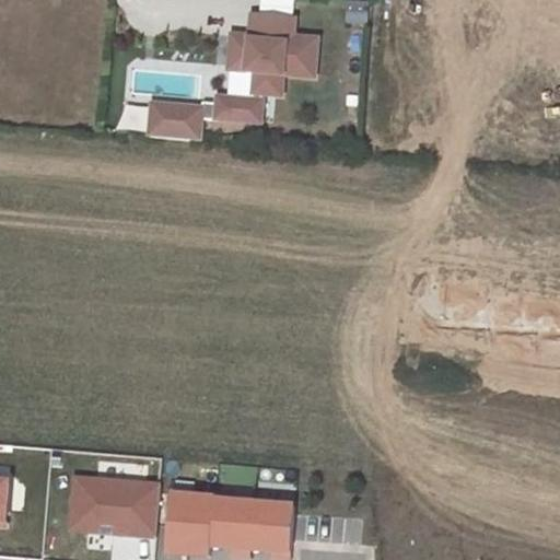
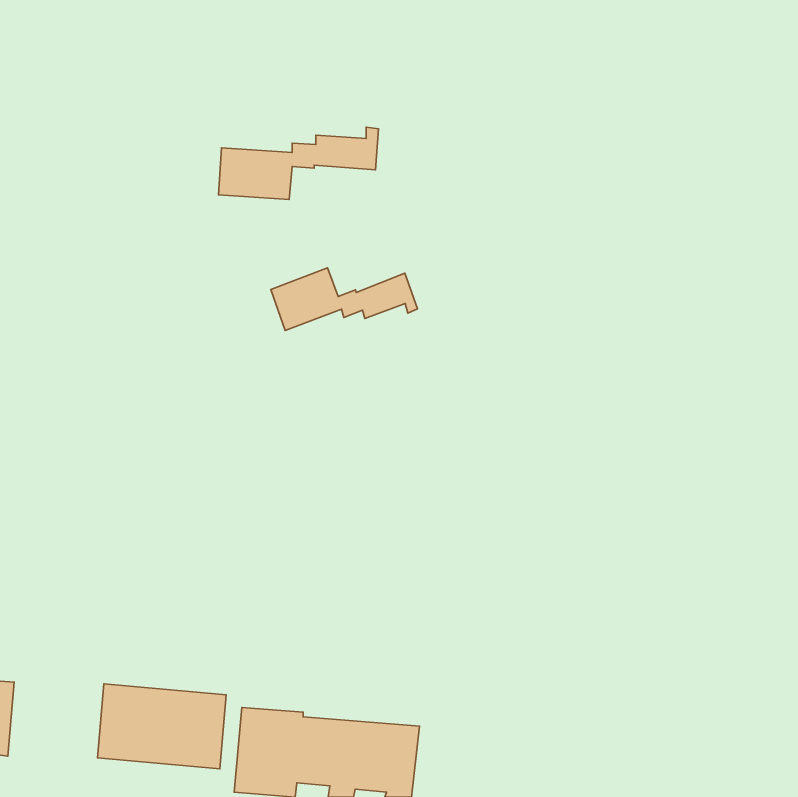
building: [231,11,317,91] -> none
building: none -> [271,268,418,331]

